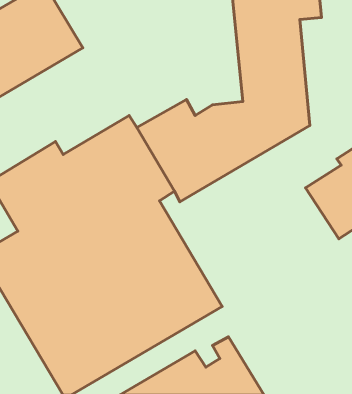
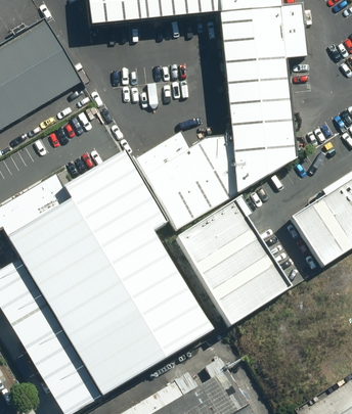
building: none -> [177,196,289,325]

